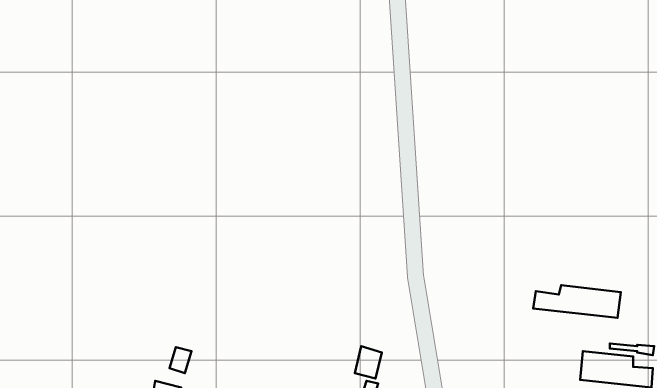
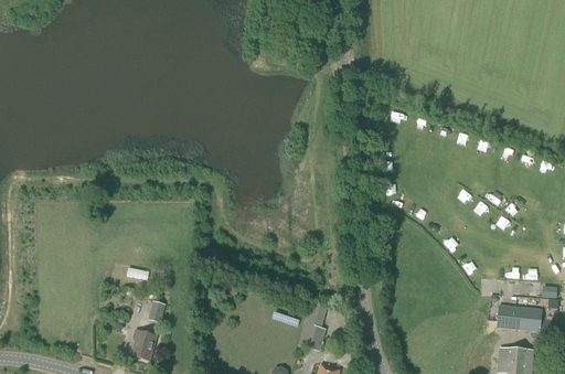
building: [533,285,621,318] -> none

